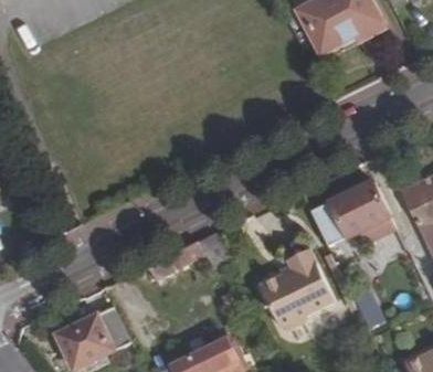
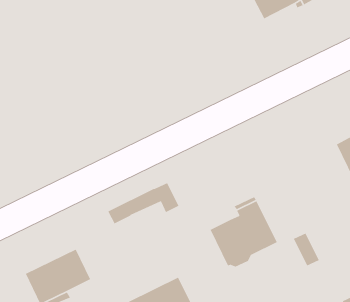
building: [311,182,394,246] -> none

